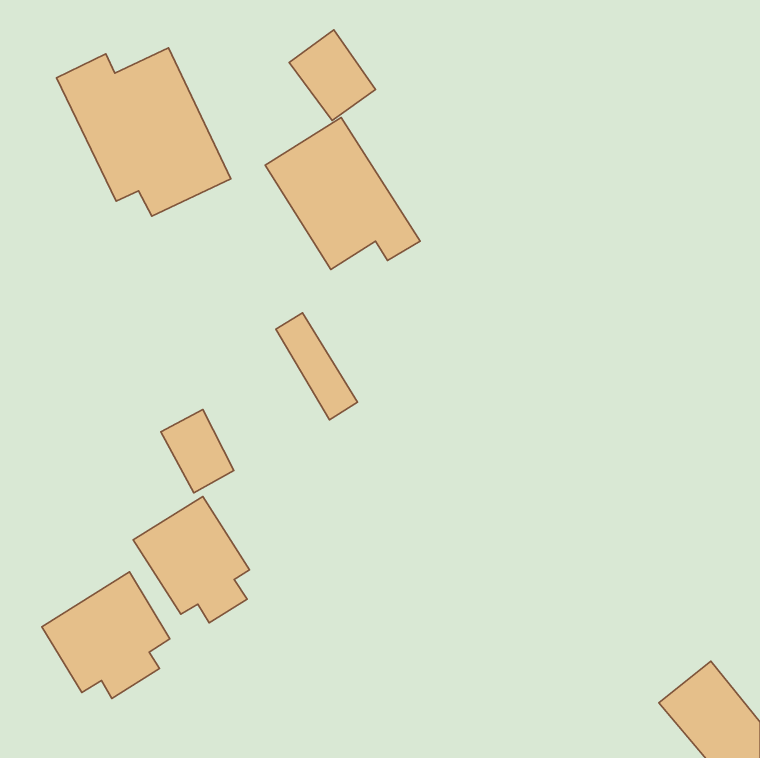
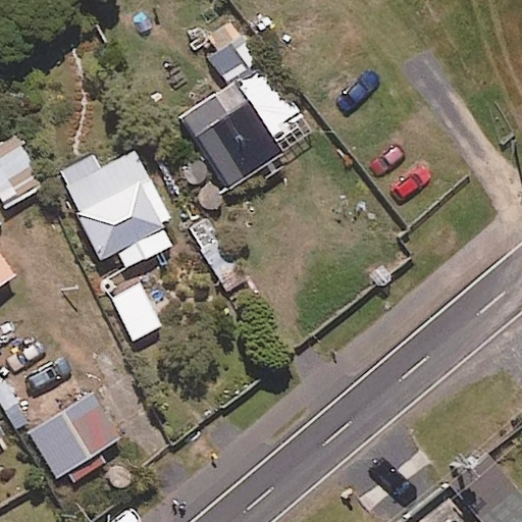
building: [57,48,231,216] -> [58,151,177,266]
building: [133,496,249,623] -> none

